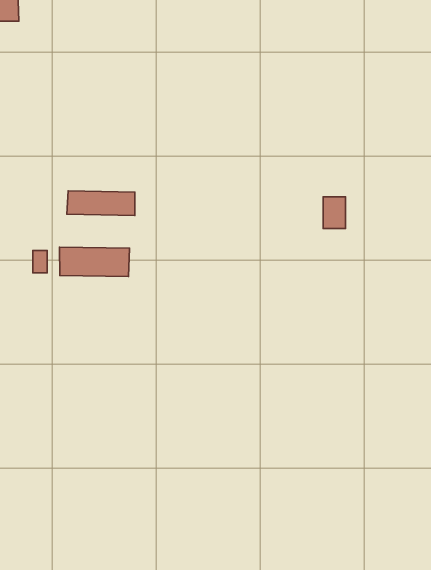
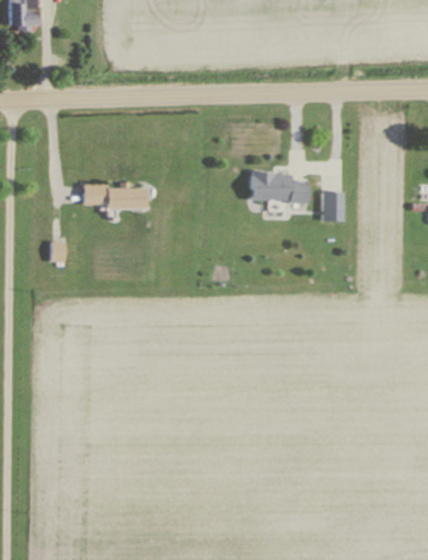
building: none -> [251,172,308,201]
building: [60,247,130,277] -> none

